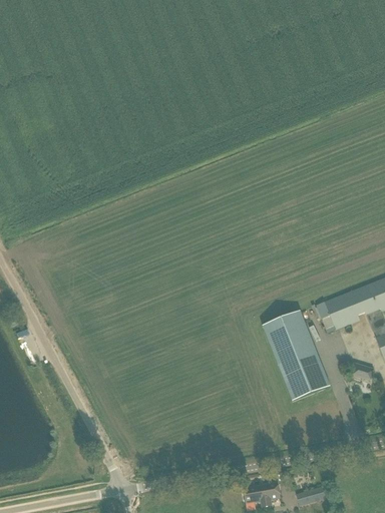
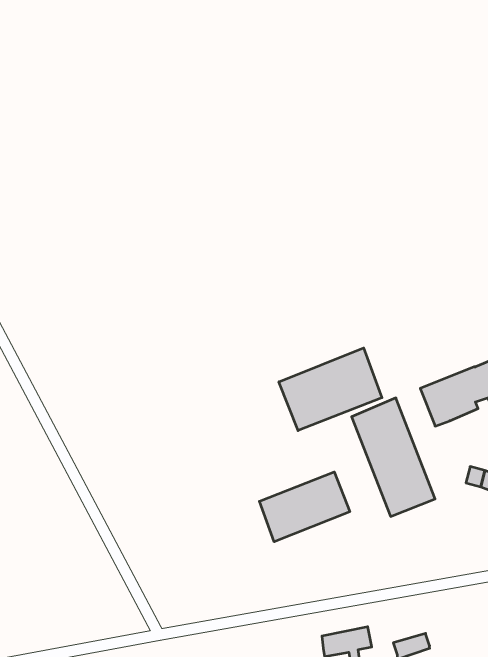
building: none -> [279,348,382,431]
building: none -> [259,472,350,542]

